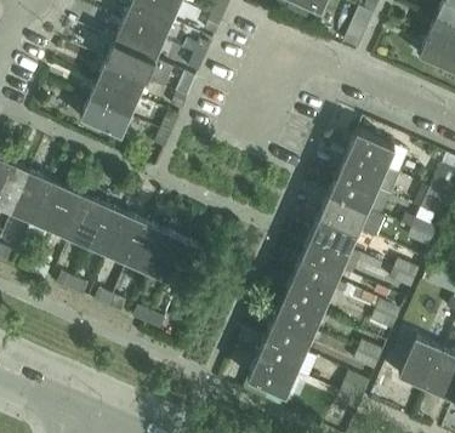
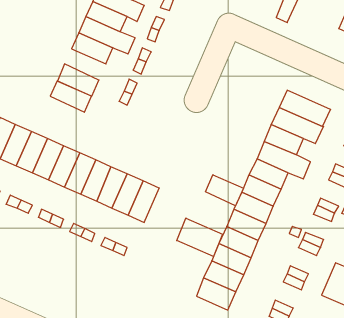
building: [89,81,138,119] -> [50,81,91,112]
building: none -> [205,175,244,206]
building: none -> [177,218,223,257]

